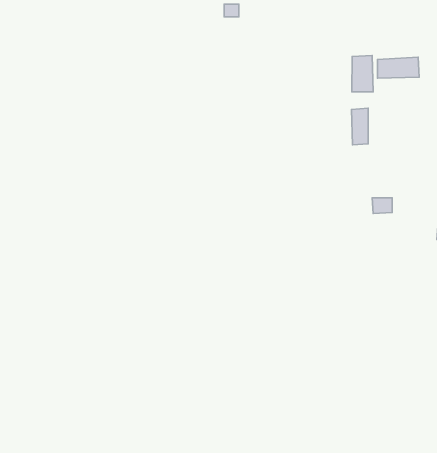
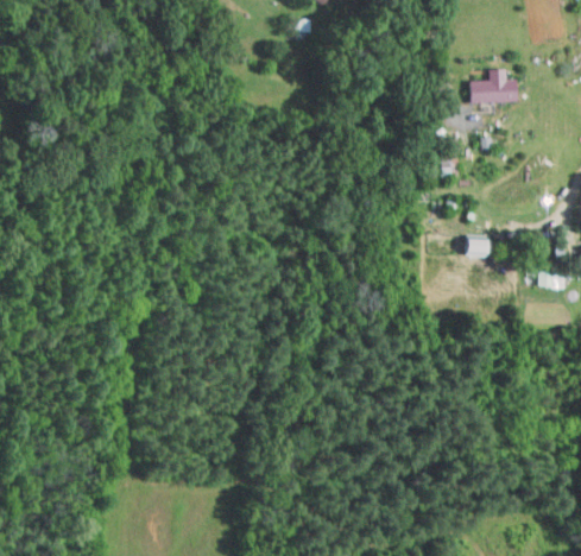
building: [352,56,373,92] -> none

